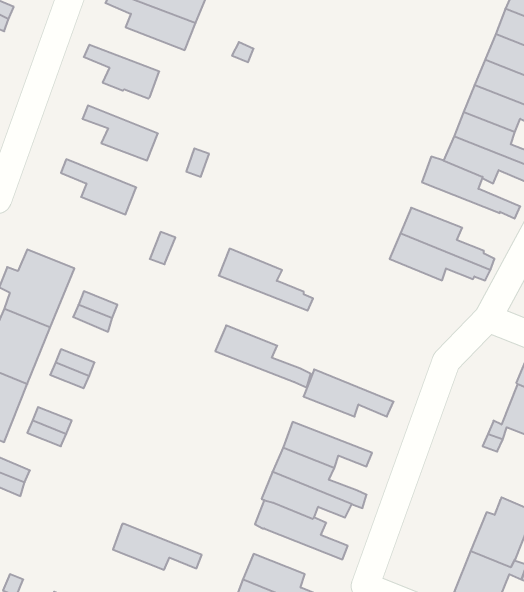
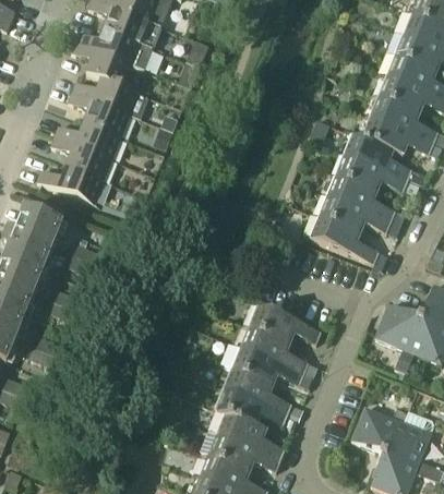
building: none -> [75,28,153,70]
building: none -> [74,79,149,118]
building: none -> [57,122,122,158]
building: none -> [336,154,408,191]
building: none -> [38,166,105,204]
building: [219,249,313,311] -> [310,216,386,266]
building: [215,325,311,387] -> [240,327,317,377]
building: none -> [375,303,422,350]
building: none -> [352,407,408,453]
building: [113,524,202,570] -> [208,434,280,471]

